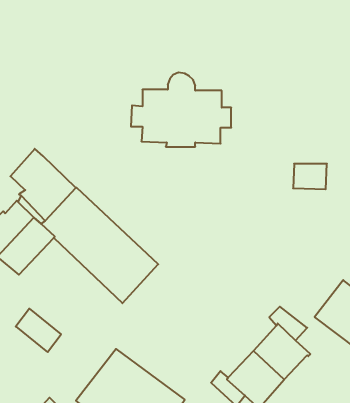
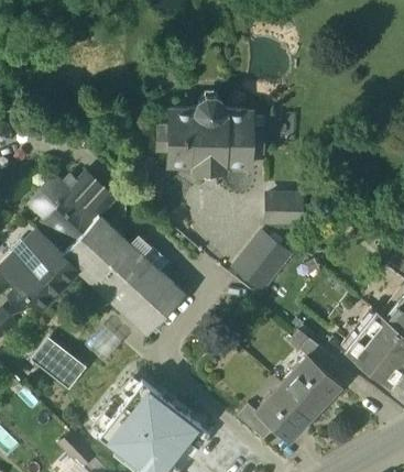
building: none -> [64,172,113,215]
building: [293,164,327,189] -> [263,197,298,223]
building: none -> [231,228,293,292]

